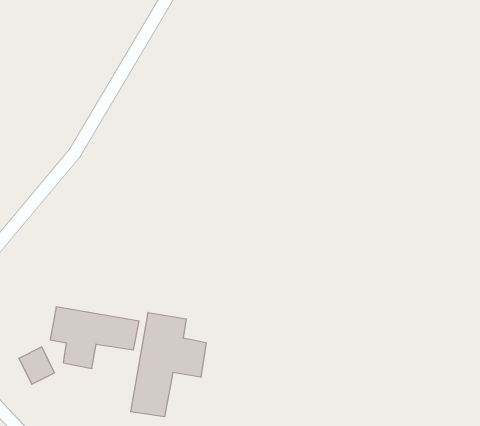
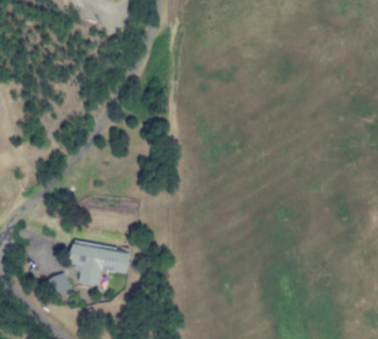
building: [131,312,206,417] -> none

